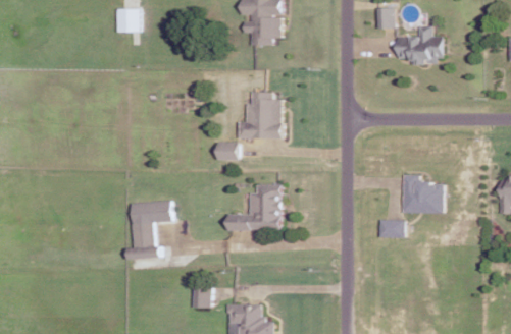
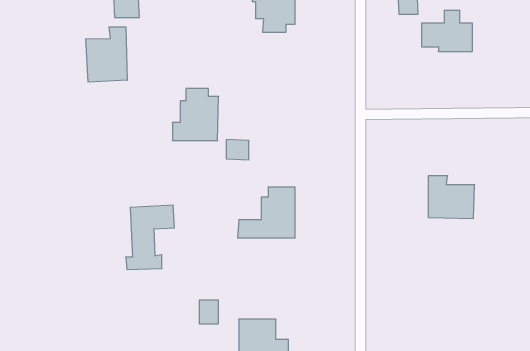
building: none -> [86,27,127,82]
building: [240,92,282,138] -> [172,89,219,141]
building: [377,219,403,237] -> none

